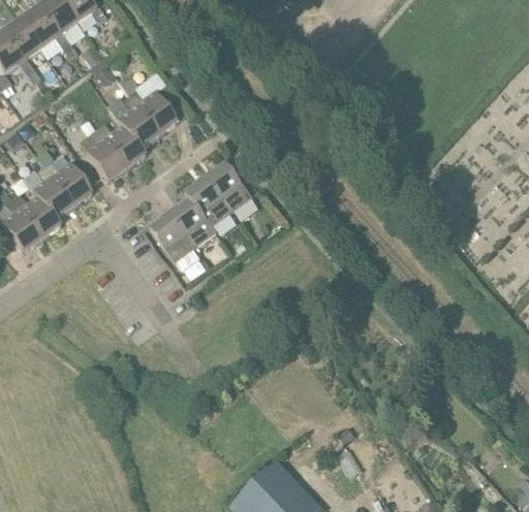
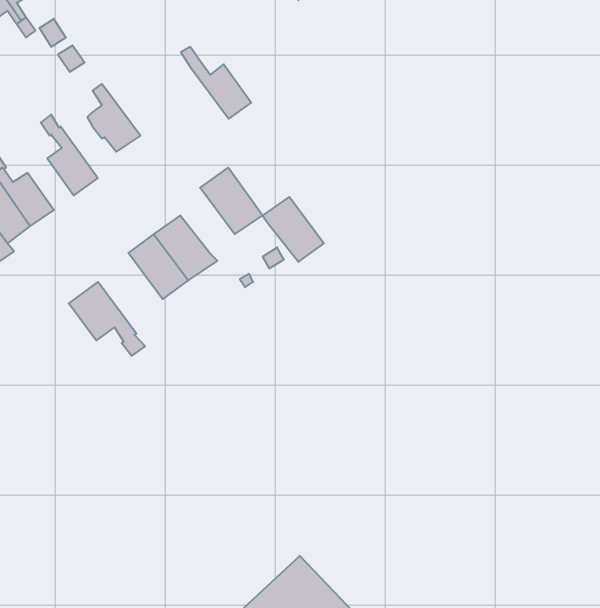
building: [120,81,175,136] -> [181,47,251,119]
building: [95,124,144,169] -> none
building: [183,177,230,227] -> [263,197,324,262]
building: none -> [69,282,145,356]

